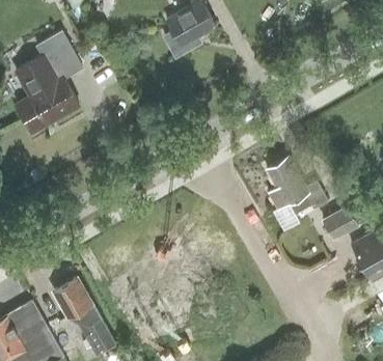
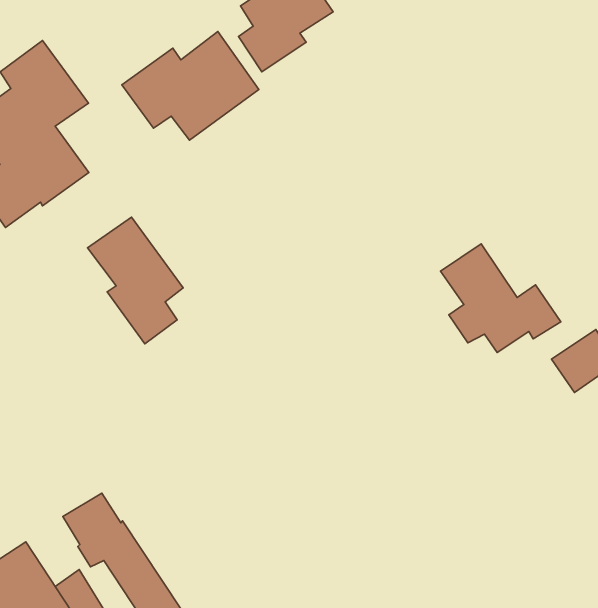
building: none -> [122,32,259,140]
building: none -> [88,217,183,344]

